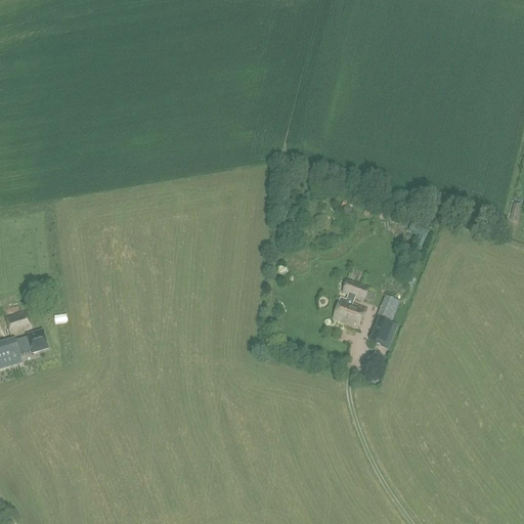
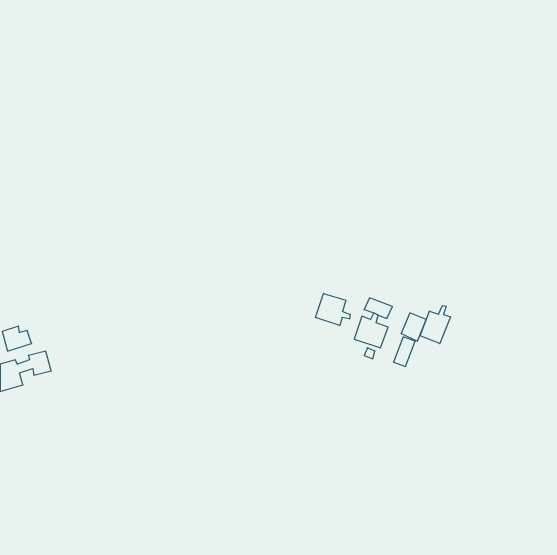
building: none -> [316,293,350,326]
building: none -> [420,306,450,344]

